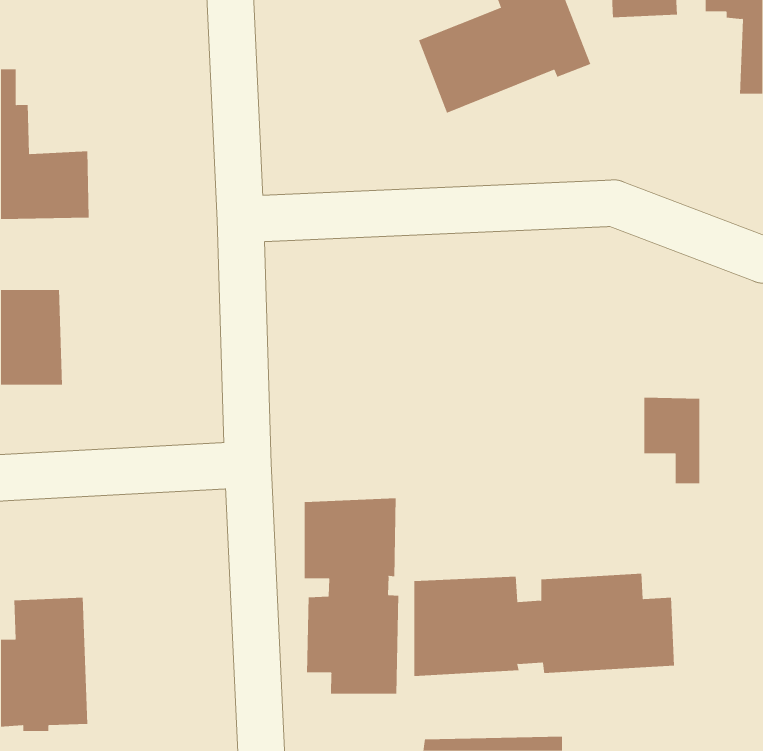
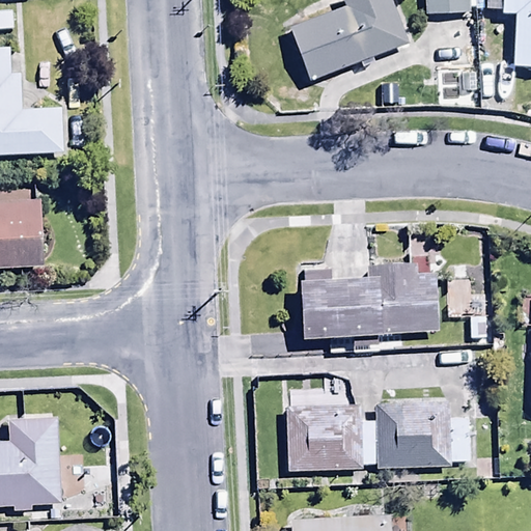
building: none -> [303,266,439,350]
building: [304,498,399,695] -> none

